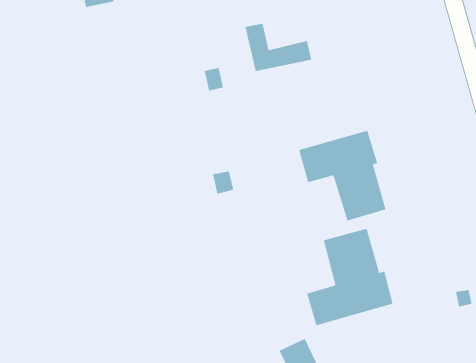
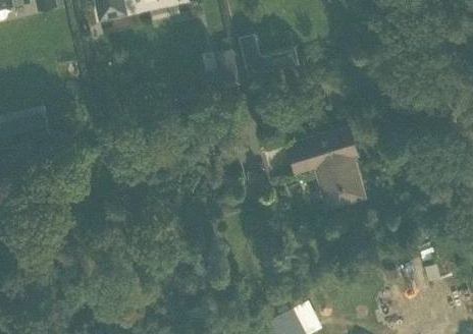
building: [306,228,393,326] -> none

